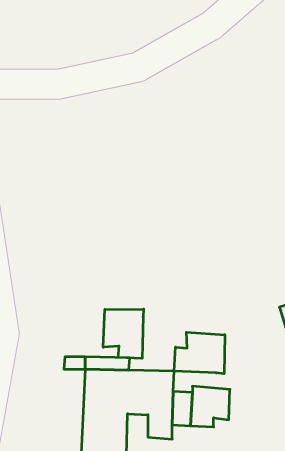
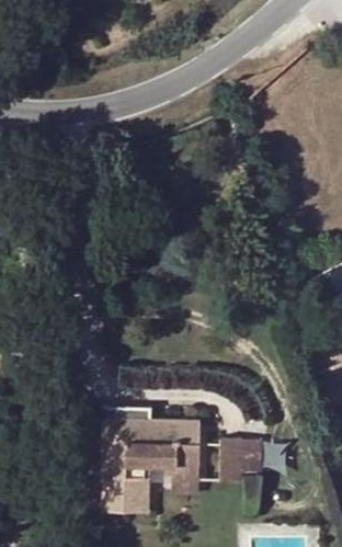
building: [103,309,144,358] -> none
building: [174,332,225,374] -> none

